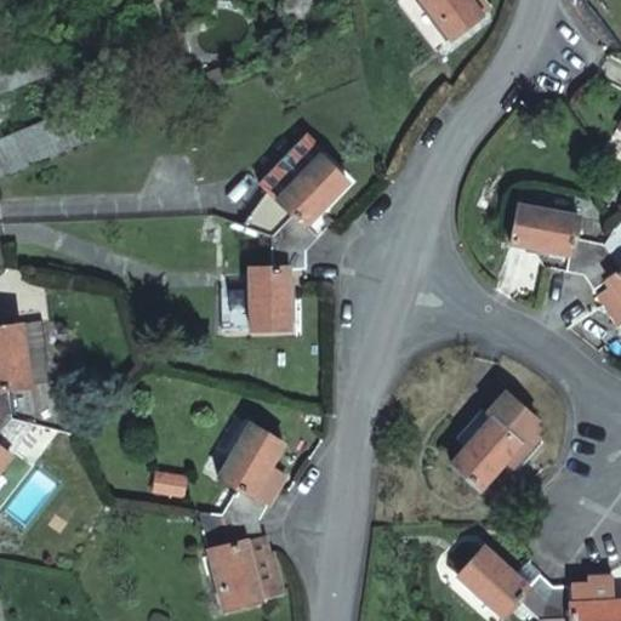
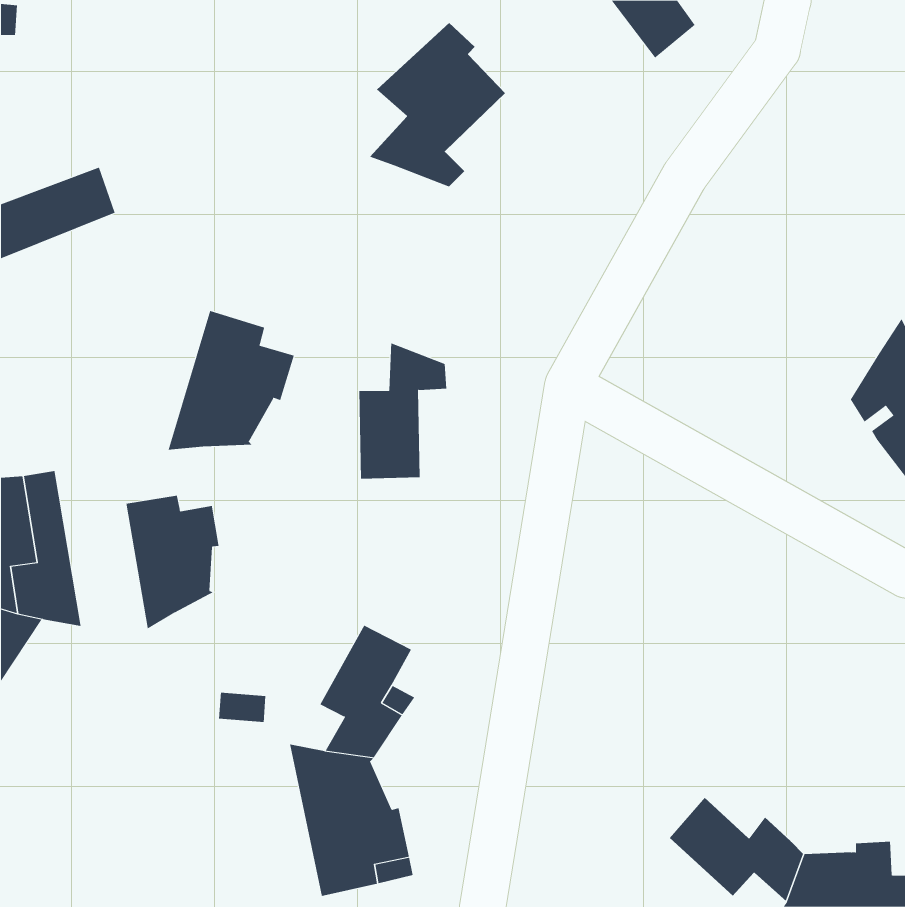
building: [251,136,344,249] -> [369,22,506,187]
building: [509,204,602,273] -> none
building: none -> [168,310,295,450]
building: none -> [126,495,219,630]
building: [448,389,543,489] -> none

